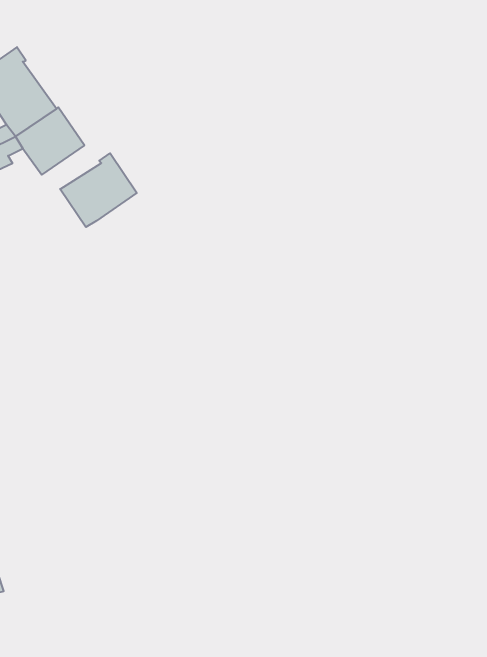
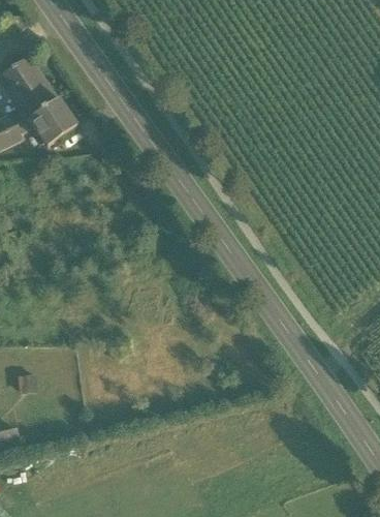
building: [60,153,137,227] -> none

